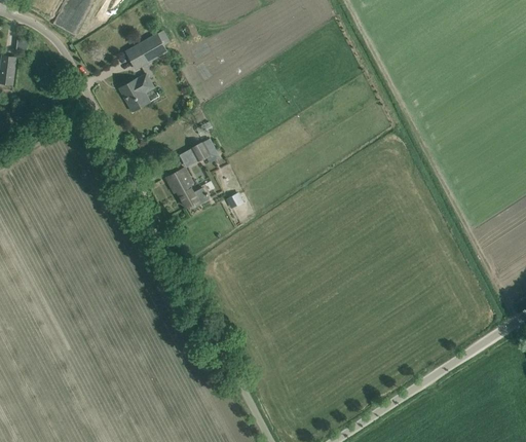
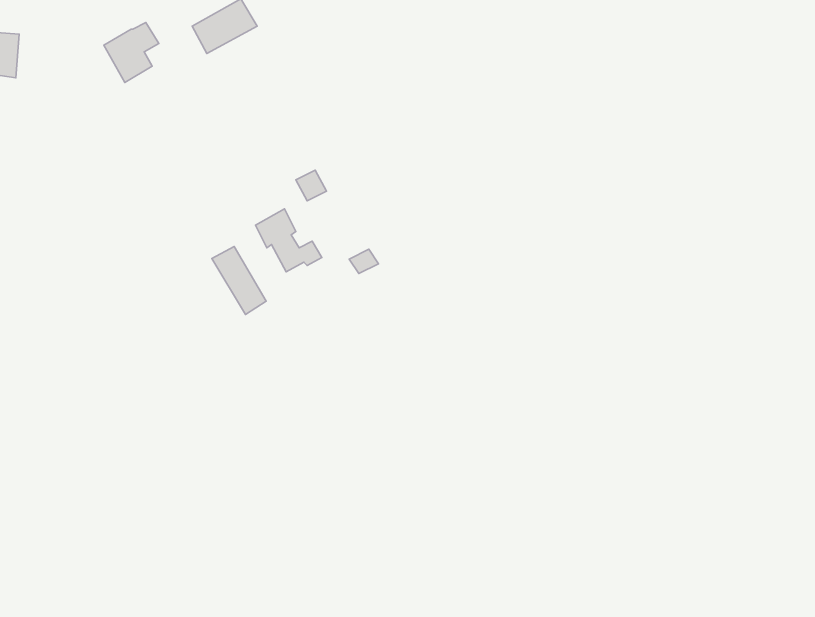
building: [118,73,153,111] -> [104,23,159,82]
building: none -> [212,247,266,314]

